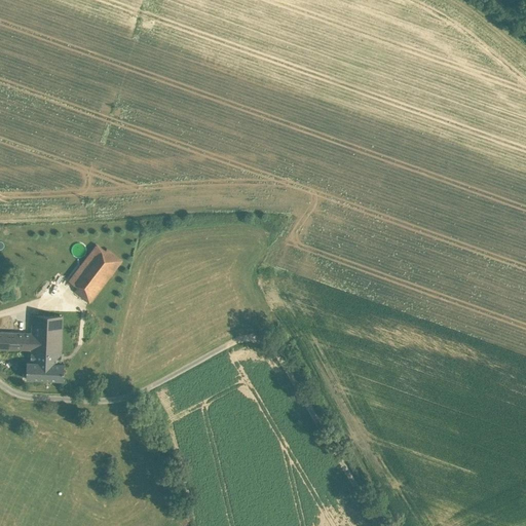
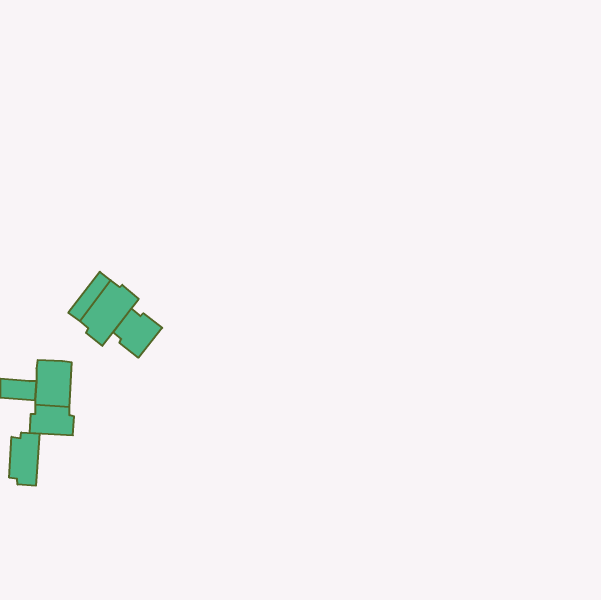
building: none -> [113,308,162,358]
building: none -> [9,432,39,486]

